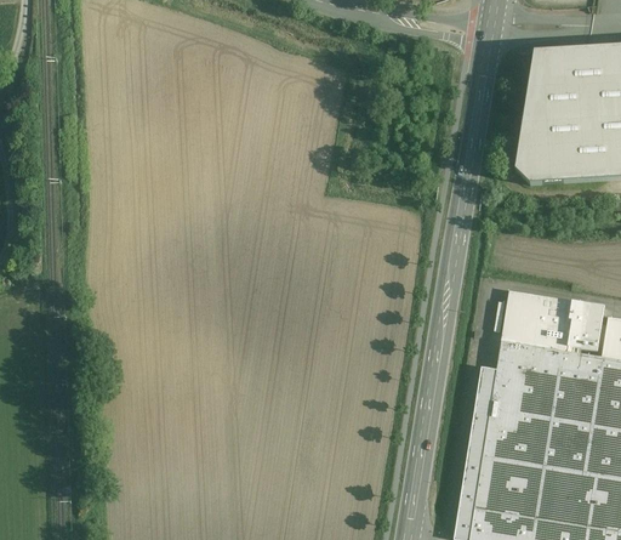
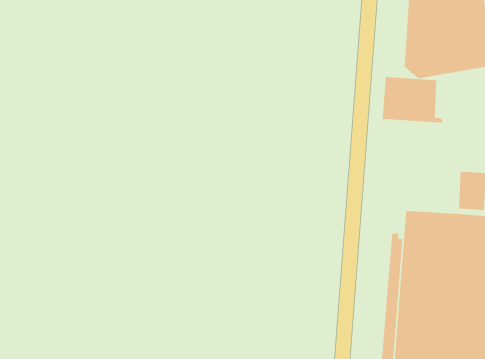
building: [501,290,574,352] -> [382,77,443,123]

